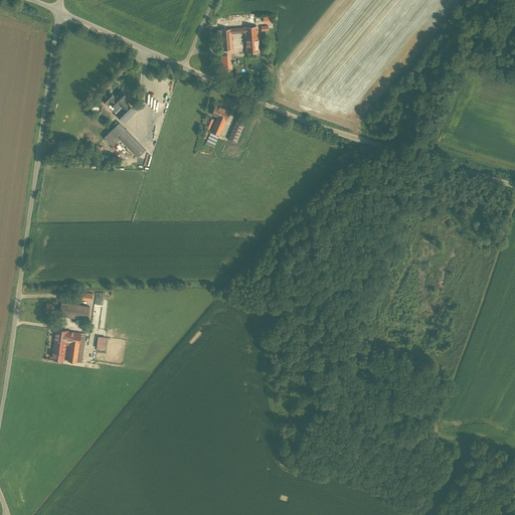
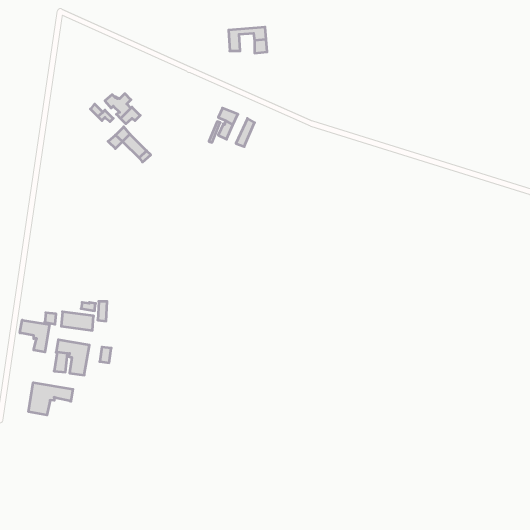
building: none -> [20,320,49,352]
building: none -> [29,383,73,415]

